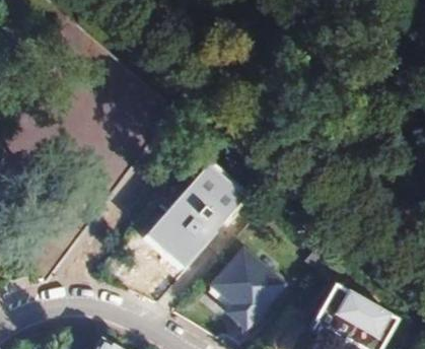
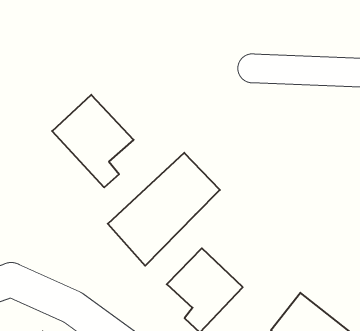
building: none -> [52,95,134,187]

